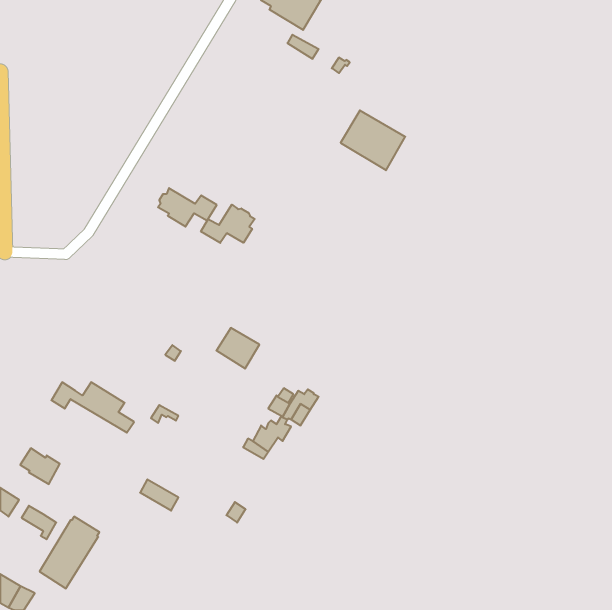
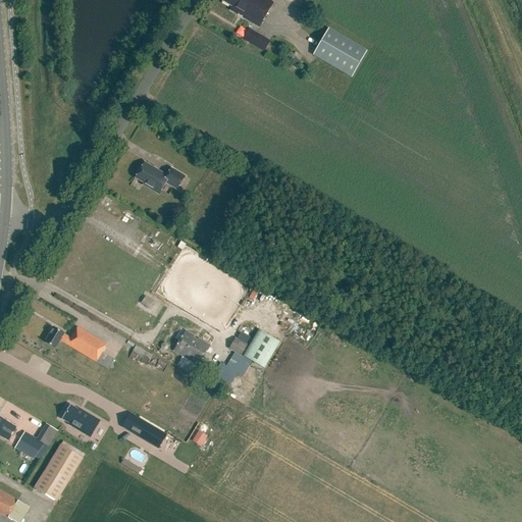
building: [341,110,405,170] -> [312,25,367,76]
building: [201,205,255,243] -> none
building: [216,328,259,369] -> [173,329,210,364]
building: [20,448,60,484] -> [61,403,95,433]

